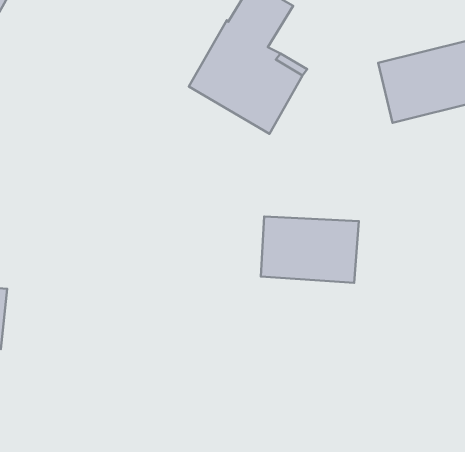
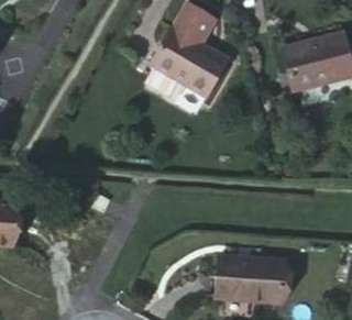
building: [261,216,359,283] -> [214,258,283,305]

